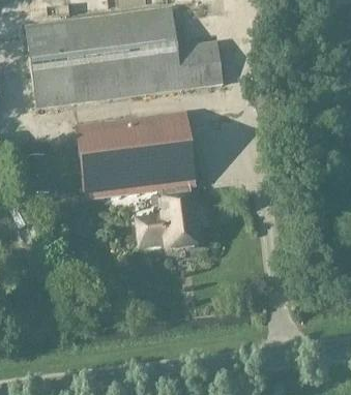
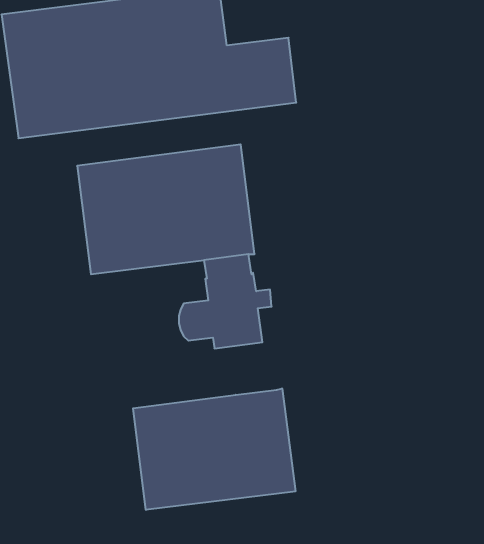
building: none -> [133,388,295,510]

